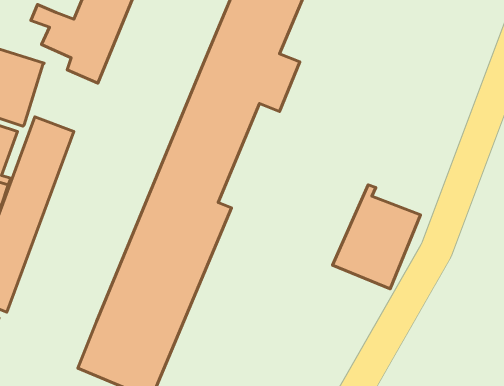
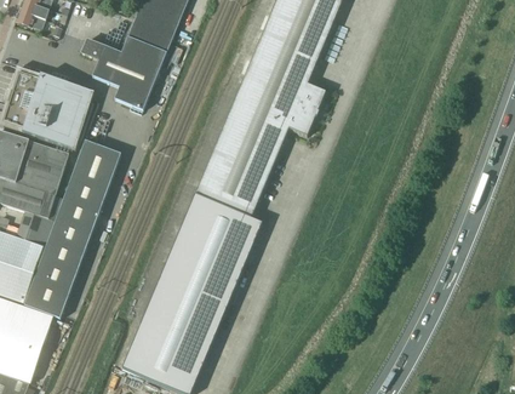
building: [332,185,421,289] -> none

